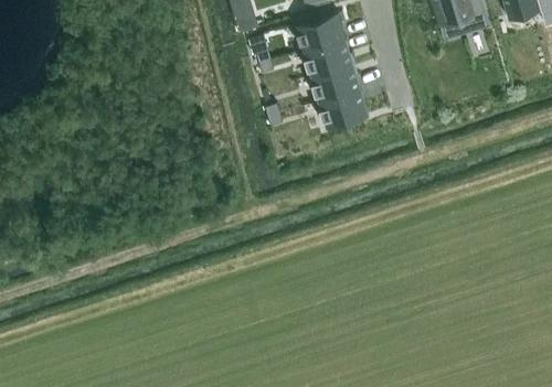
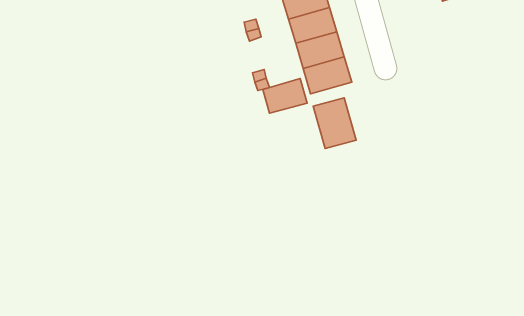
building: none -> [263,78,307,113]
building: none -> [313,98,356,148]

